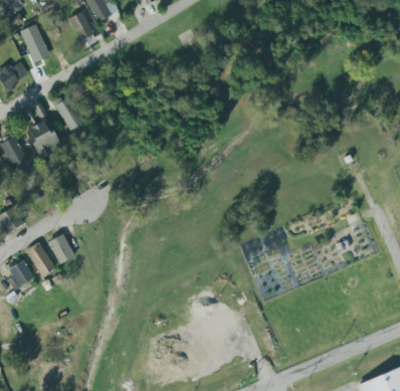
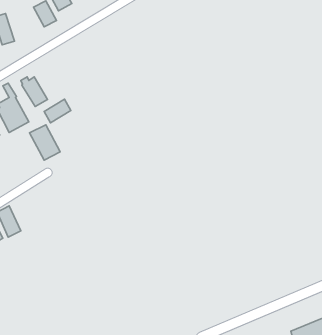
building: none -> [44,99,71,123]
building: none -> [30,125,60,160]
building: [48,233,75,263] -> none

